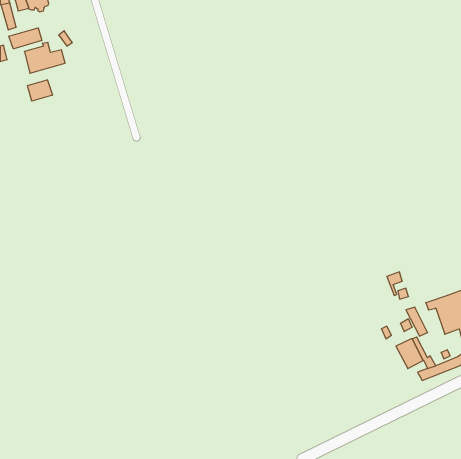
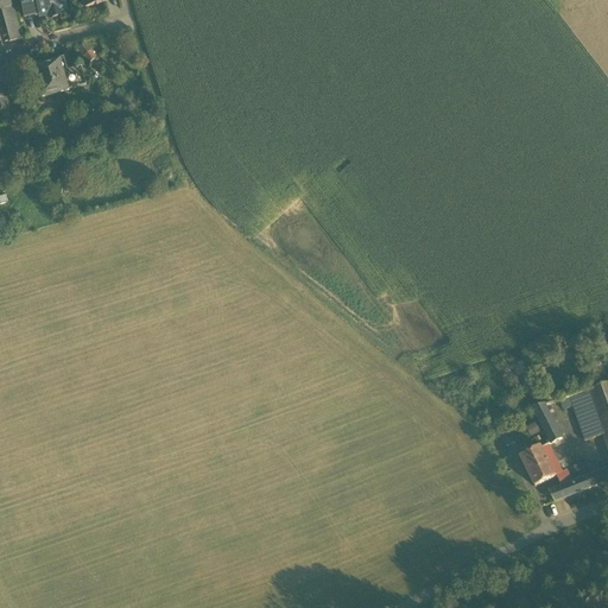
building: [9,28,42,49] -> none
building: [28,80,52,101] -> none

